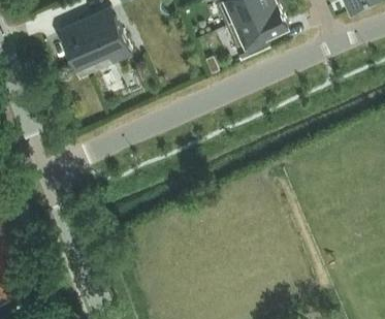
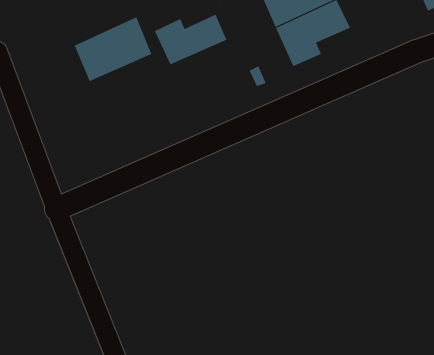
building: none -> [154,14,227,65]

